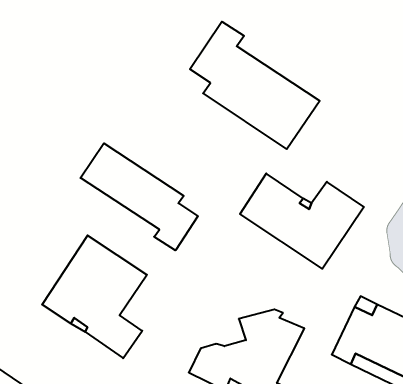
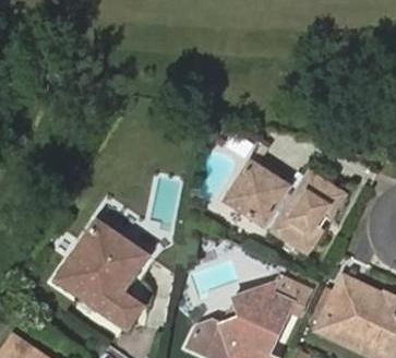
building: [190,22,320,149] -> none
building: [80,143,198,250] -> none

